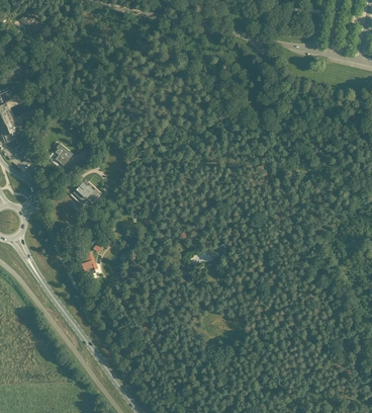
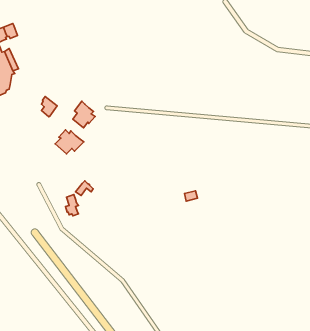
building: none -> [73,101,95,128]

